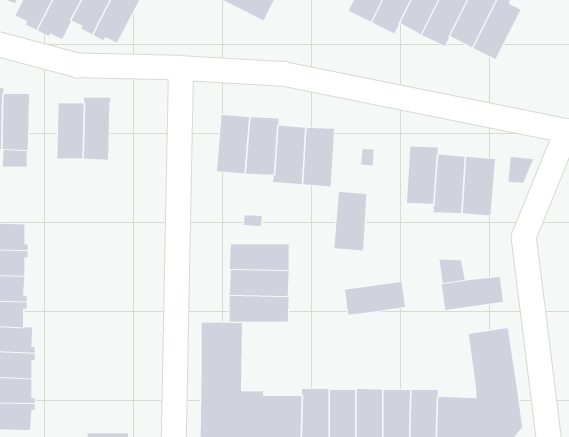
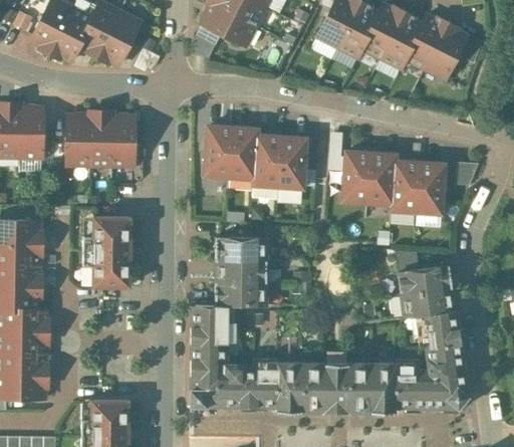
building: none -> [111,117,135,166]
building: [333,192,367,251] -> [341,152,370,203]
building: none -> [82,218,130,286]
building: [344,281,406,315] -> [401,288,454,317]

